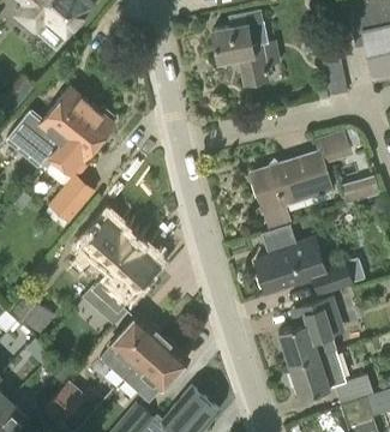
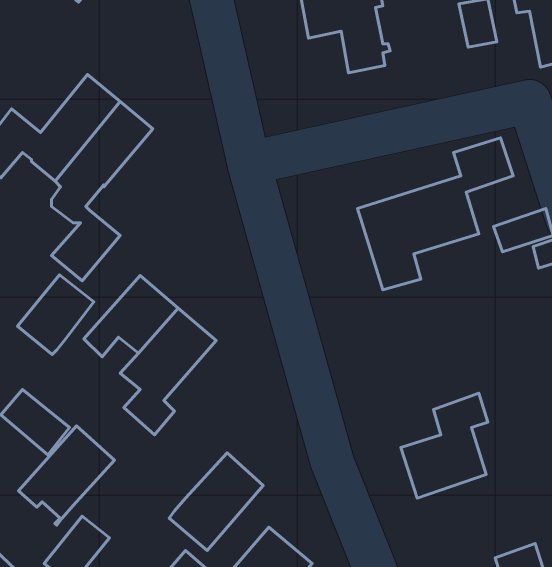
building: none -> [17,275,94,355]
building: [253,223,350,298] -> none
building: [100,314,163,380] -> [19,426,115,525]
building: [289,352,373,407] -> none

